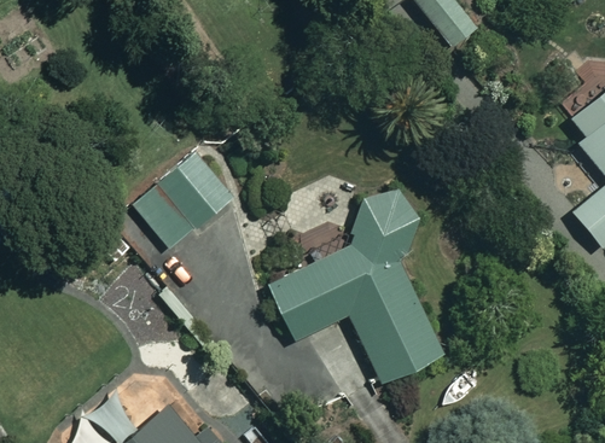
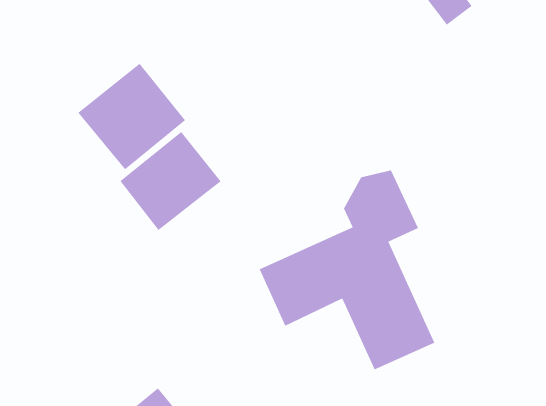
building: none -> [78,63,186,170]

